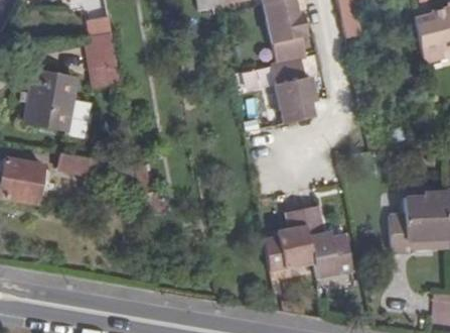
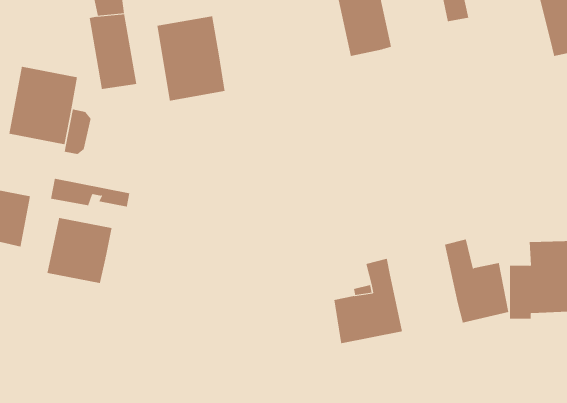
building: none -> [157,15,225,101]
building: [270,58,313,123] -> none
building: none -> [47,217,112,284]
building: [305,217,352,279] -> [444,239,509,323]

